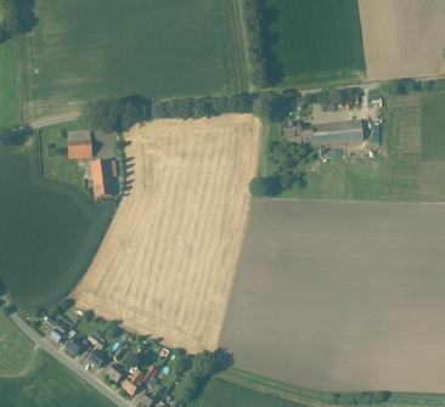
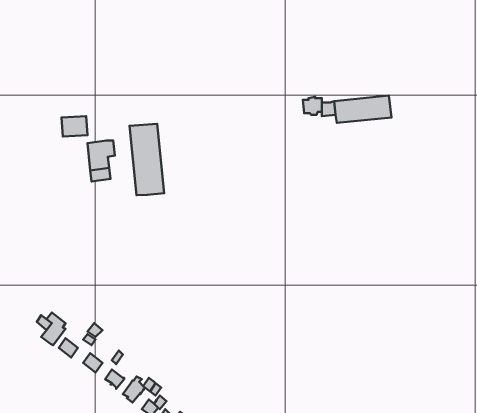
building: none -> [130,124,164,195]

